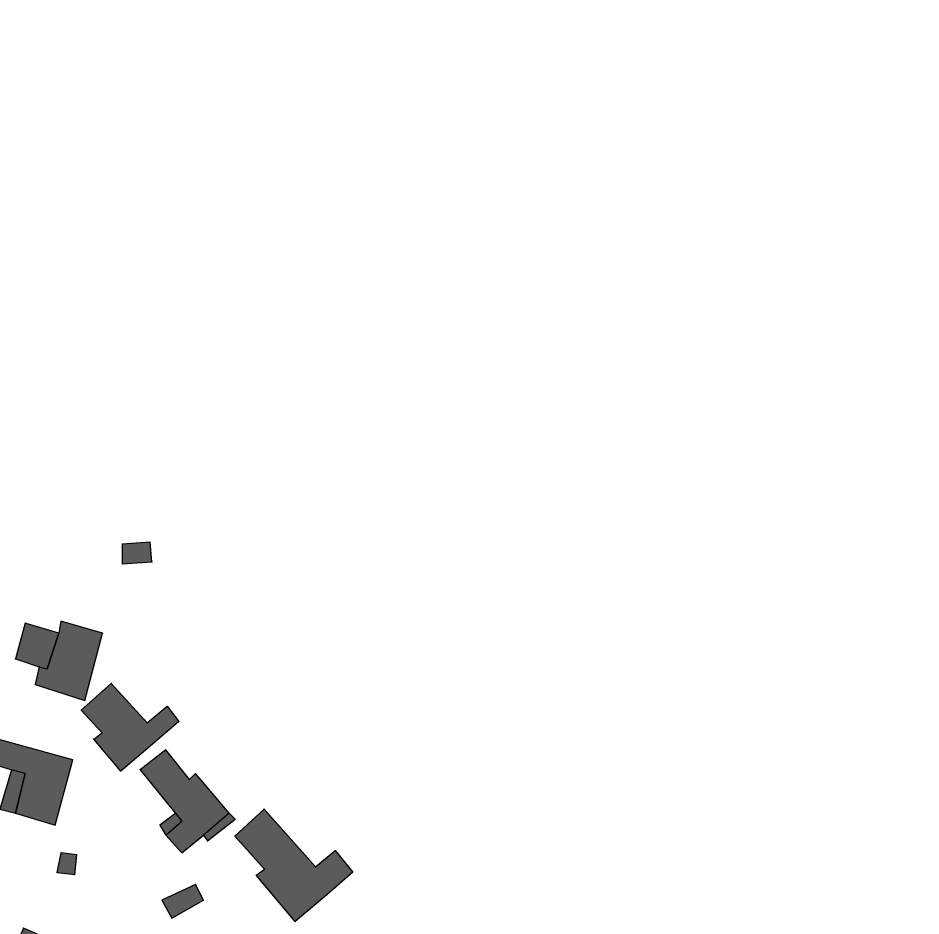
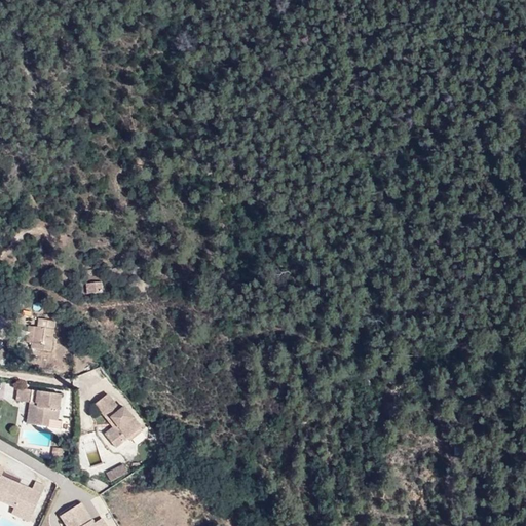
building: [81,683,179,771] -> none
building: [235,809,353,922] -> none

